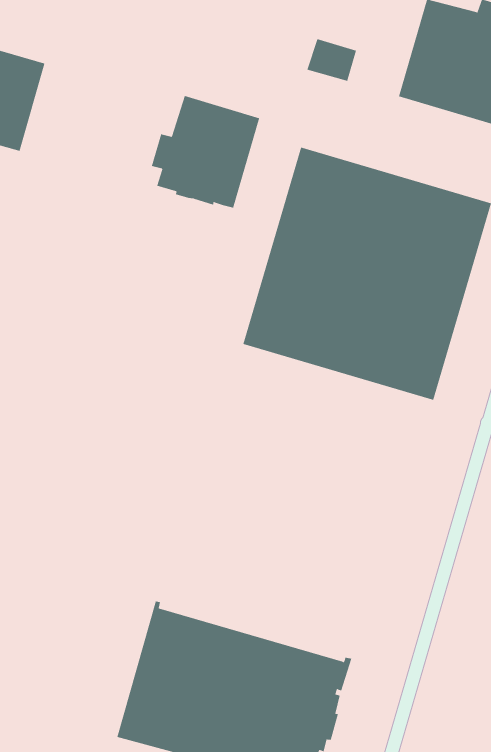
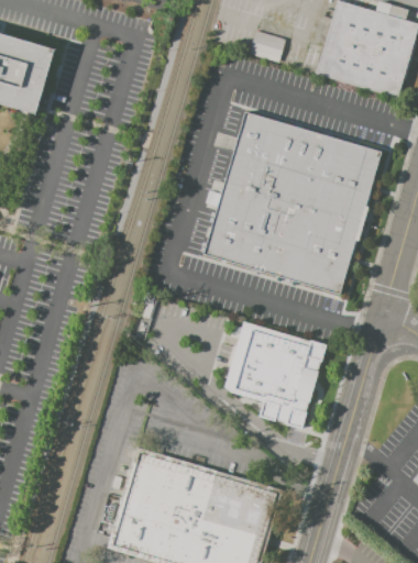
building: [151,95,260,209] -> none
building: none -> [224,322,324,428]

